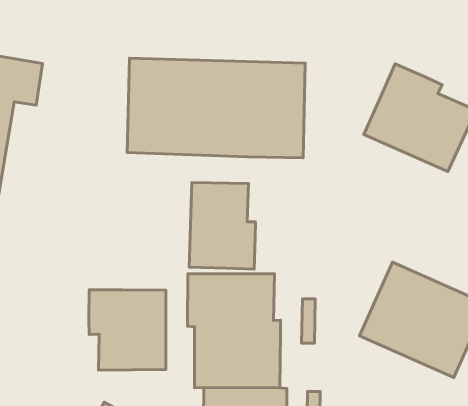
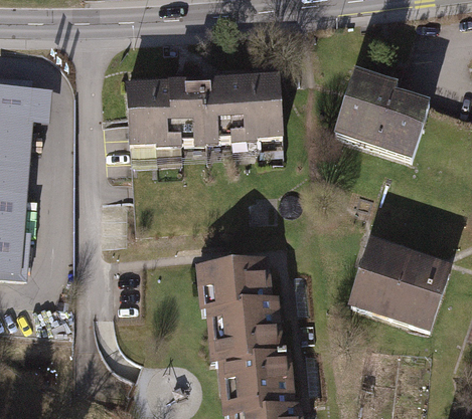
building: [189,183,255,269] -> none
building: [89,290,166,370] -> none

